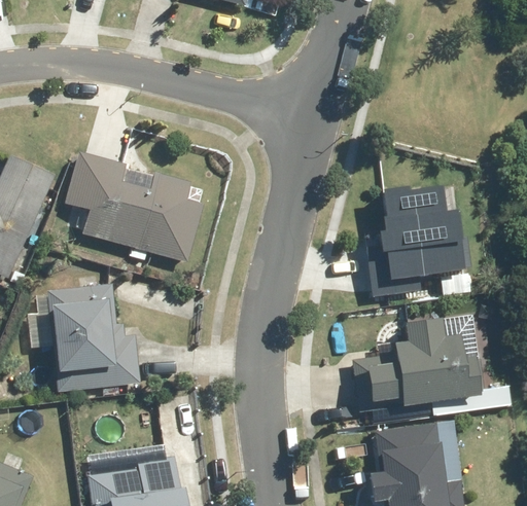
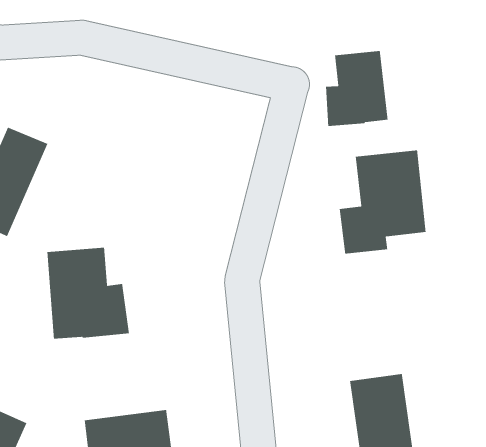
building: none -> [325,50,388,127]
building: [67,154,198,261] -> none
building: [357,317,476,410] -> none

